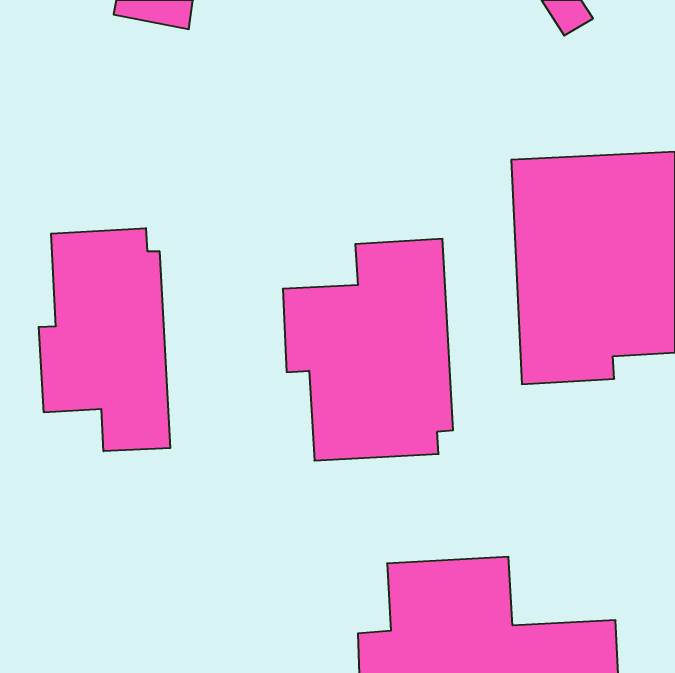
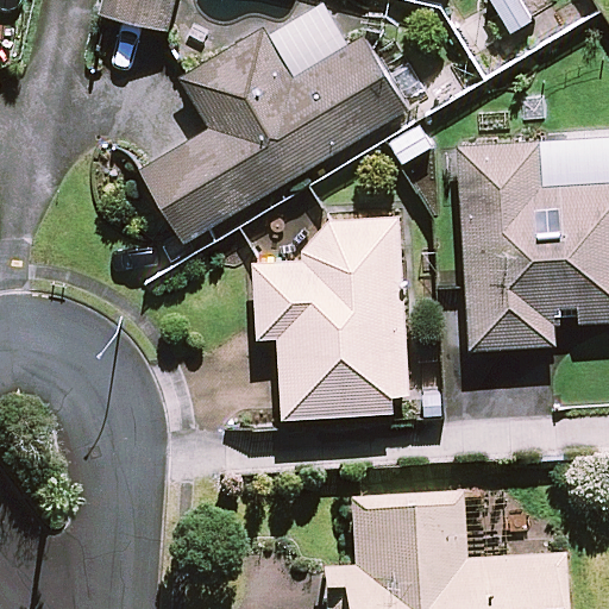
building: none -> [143,27,407,239]
building: [39,228,170,451] -> none

